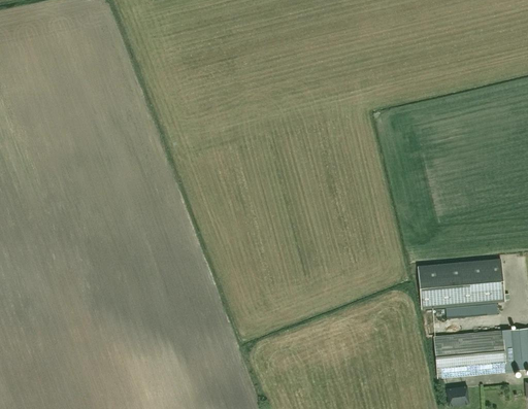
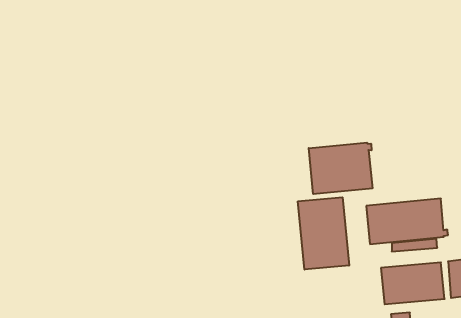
building: none -> [309,143,372,194]
building: none -> [298,197,349,270]

